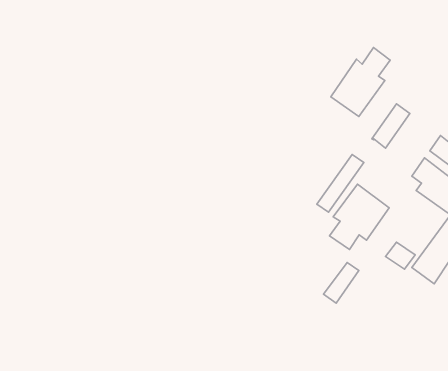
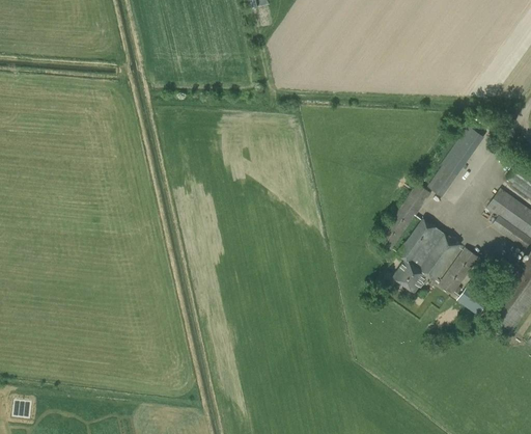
building: [331,47,390,116] -> none
building: none -> [428,165,456,196]
building: [324,262,359,303] -> [439,247,479,294]

